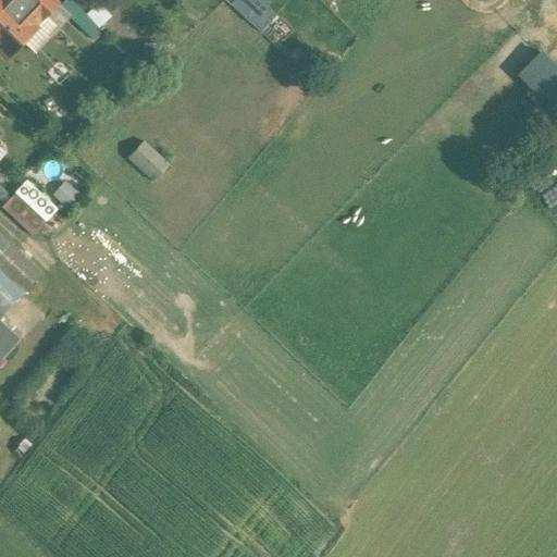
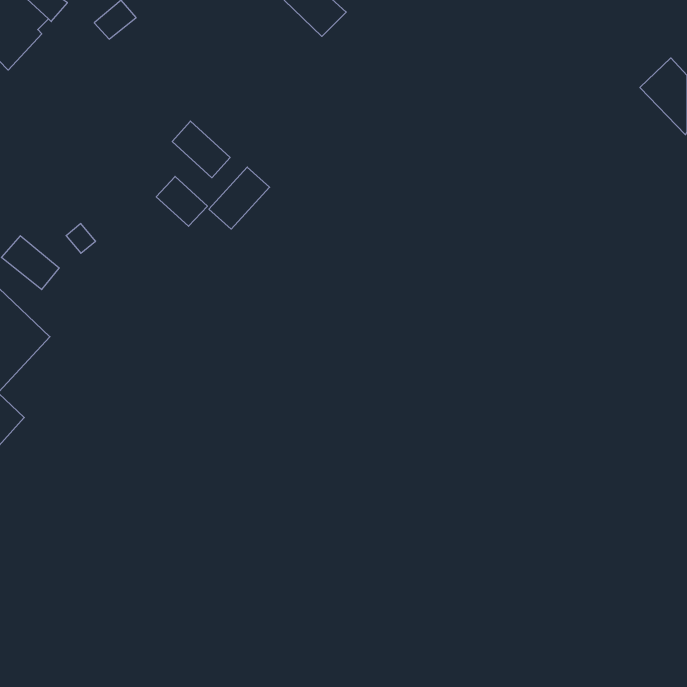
building: none -> [172,121,230,178]
building: none -> [209,167,270,229]

